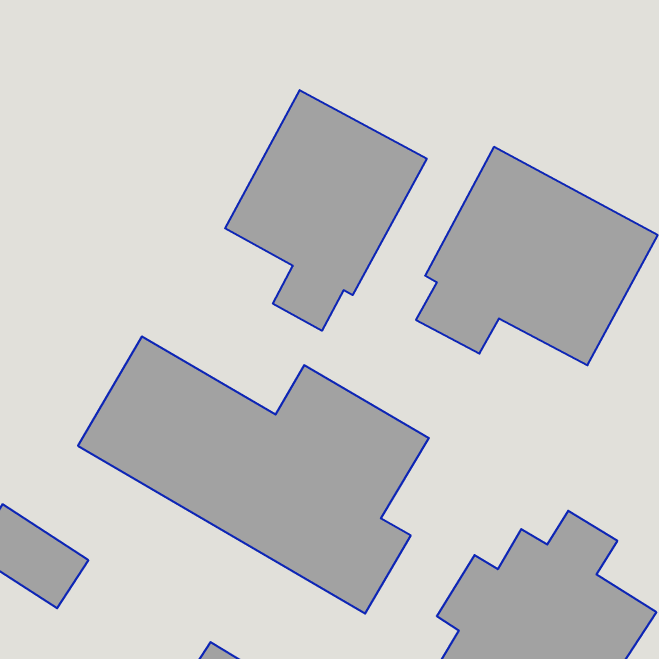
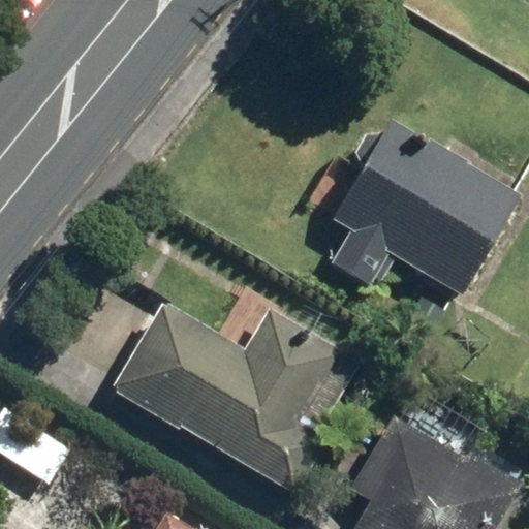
building: [225,90,427,331] -> none

